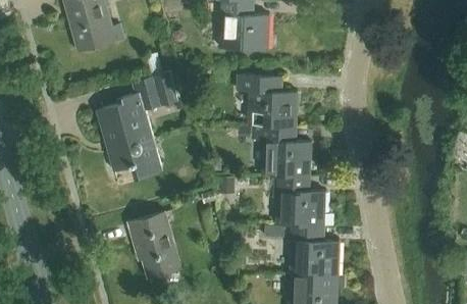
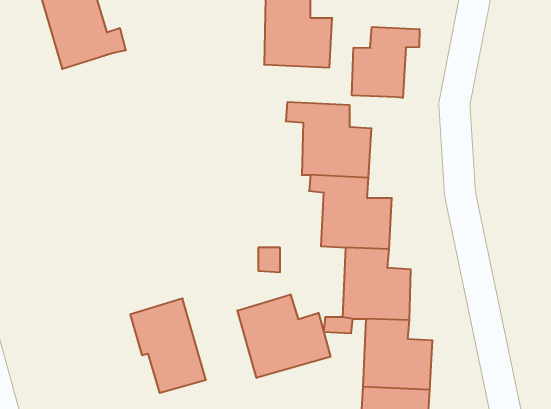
building: none -> [352,27,419,98]
building: [96,71,178,173] -> none
building: none -> [237,294,330,378]

